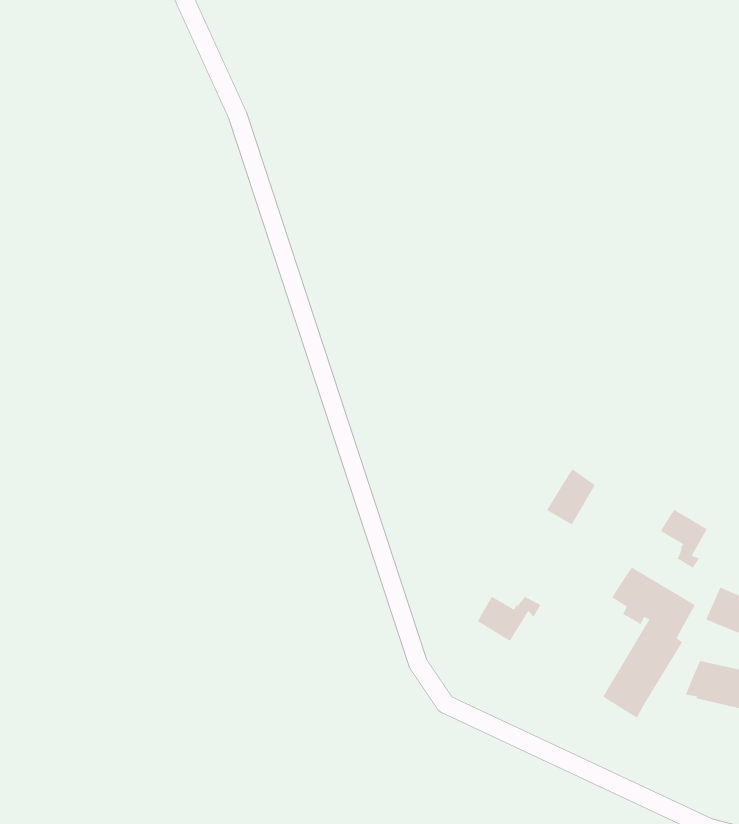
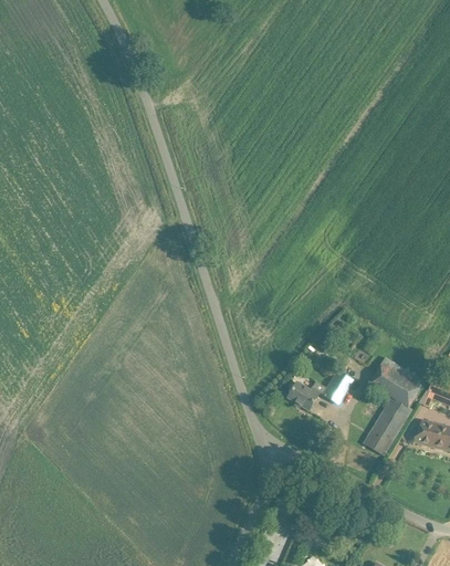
building: [546,468,596,525] -> [322,369,352,403]
building: [660,509,708,569] -> none

